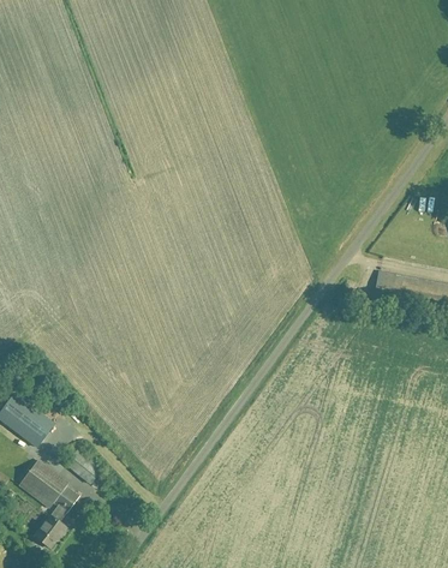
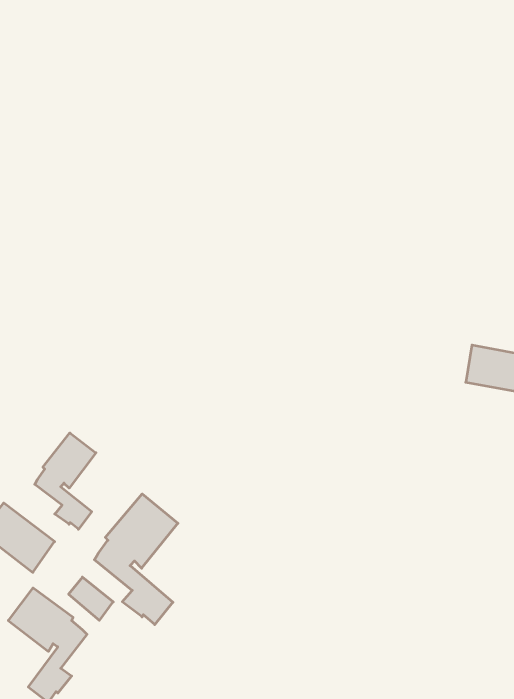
building: none -> [35,433,96,529]
building: none -> [94,494,178,625]

